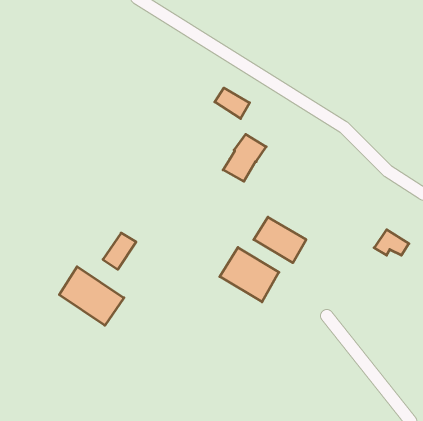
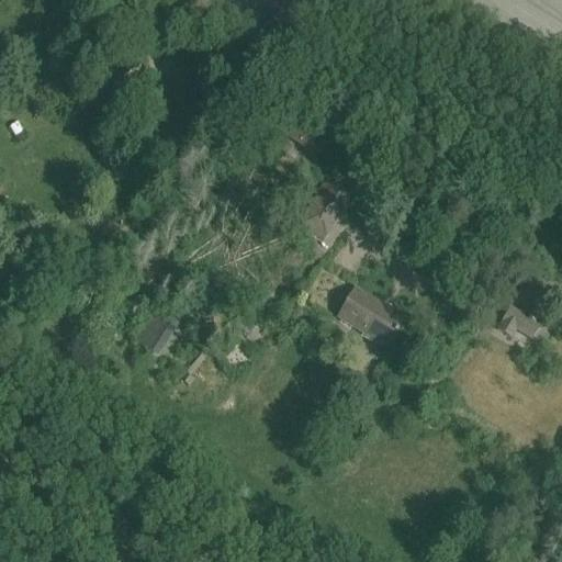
building: [220,247,279,302] -> none
building: [59,267,124,325] -> none

